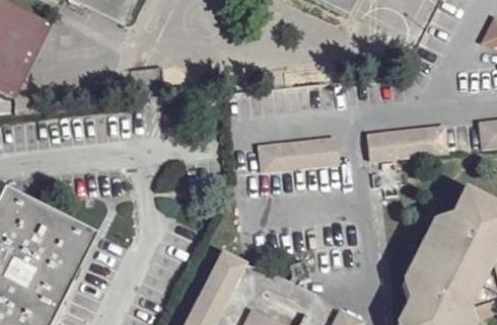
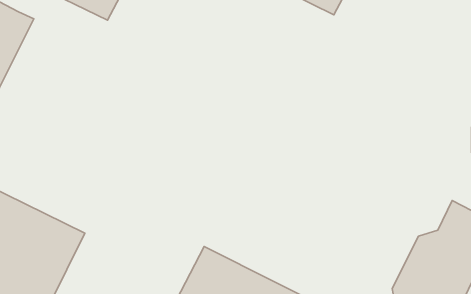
building: [365,130,446,163] -> none
building: [261,139,340,170] -> none

